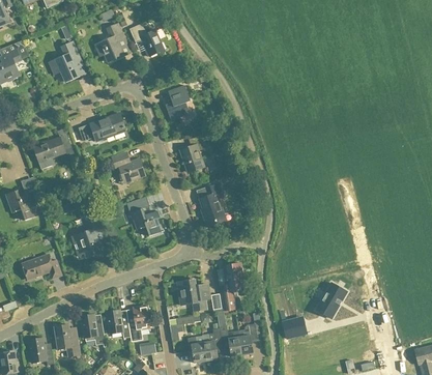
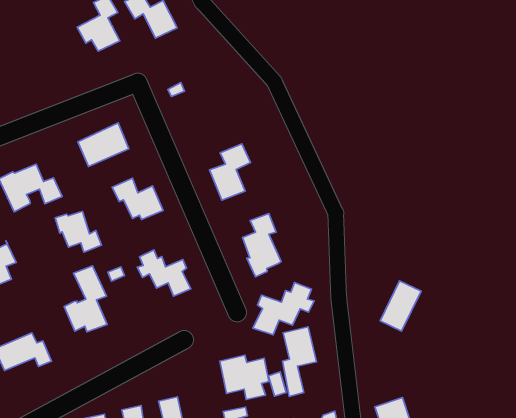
building: [49,41,80,81] -> none
building: [165,85,190,120] -> none
building: none -> [55,211,102,252]
building: none -> [253,282,314,335]
building: [316,283,346,318] -> [380,281,421,331]

